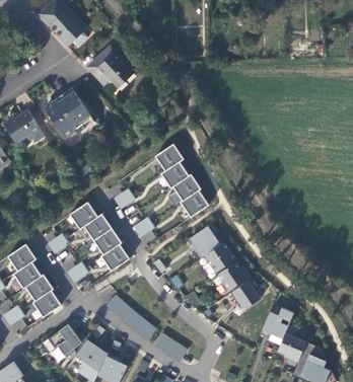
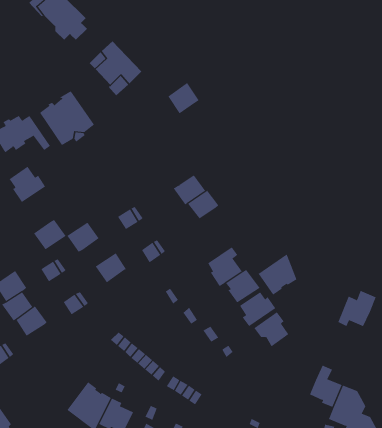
building: [155,143,183,170] -> [167,82,199,114]
building: none -> [9,166,46,203]
building: [181,189,208,217] -> none
building: [83,214,112,240] -> [33,219,66,250]
building: none -> [258,253,297,296]
building: [100,243,129,271] -> none
building: [33,290,61,316] -> none
building: [260,306,293,337] -> [338,290,377,327]
building: [47,317,82,357] -> none

